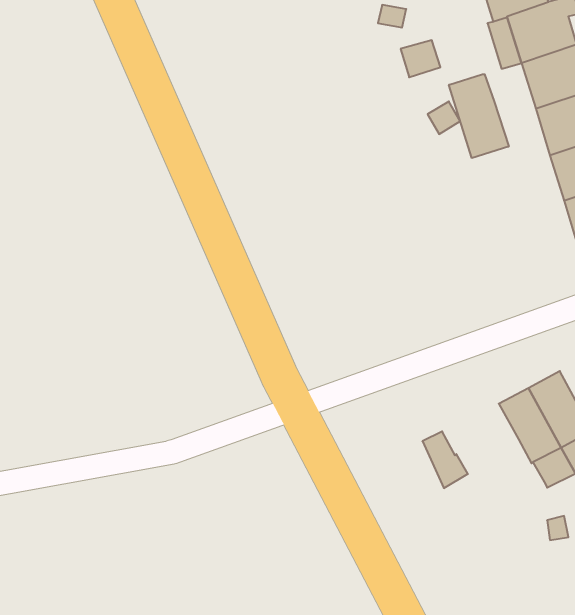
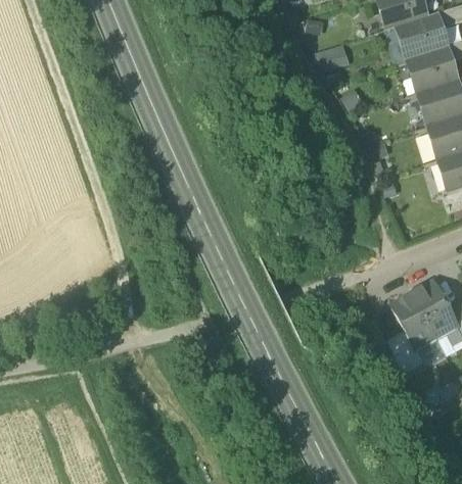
building: [449,74,509,158] -> none
building: [422,431,468,488] -> [390,330,423,371]

